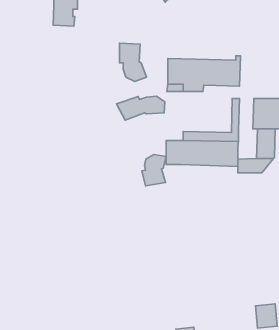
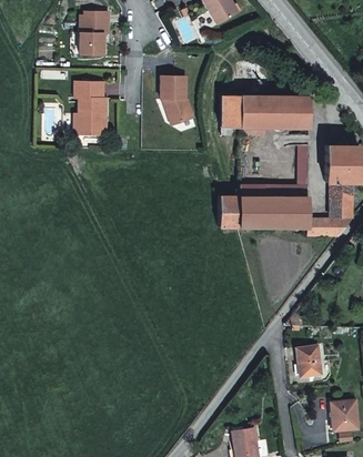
building: none -> [74,81,108,134]
building: [116,96,165,120] -> none
building: [142,155,166,186] -> none
building: none -> [295,346,321,375]

